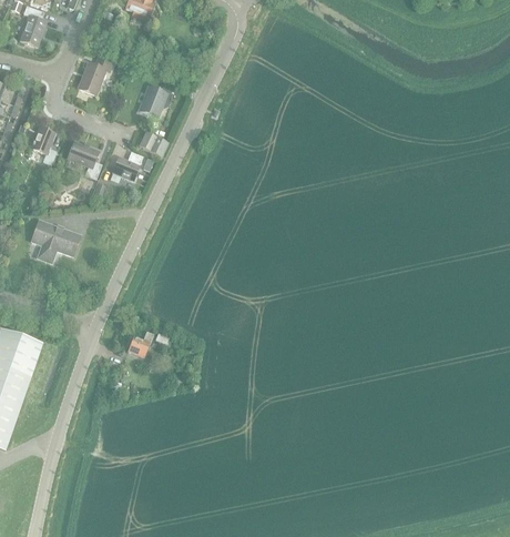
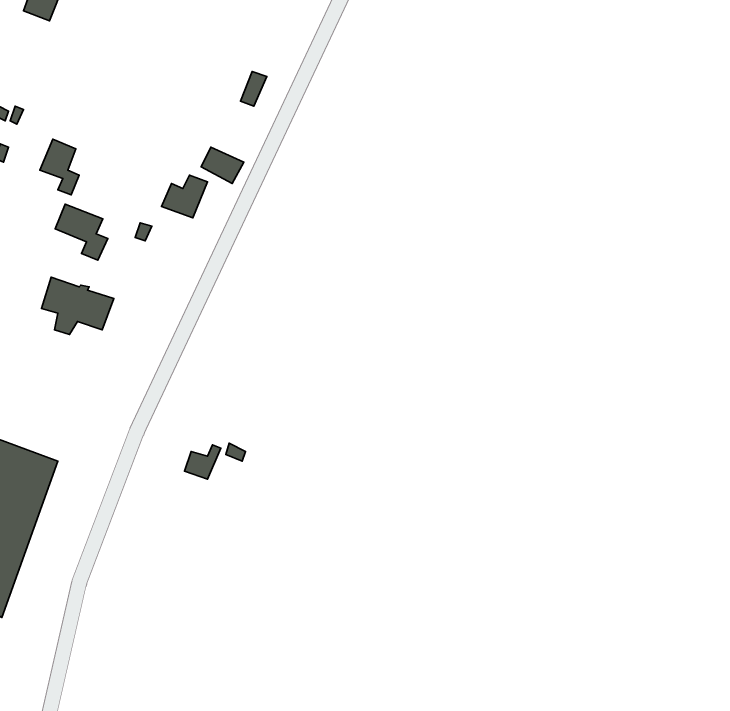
building: [78,55,112,93] -> none
building: [139,84,166,115] -> none
building: [67,140,102,178] -> [55,204,108,260]

